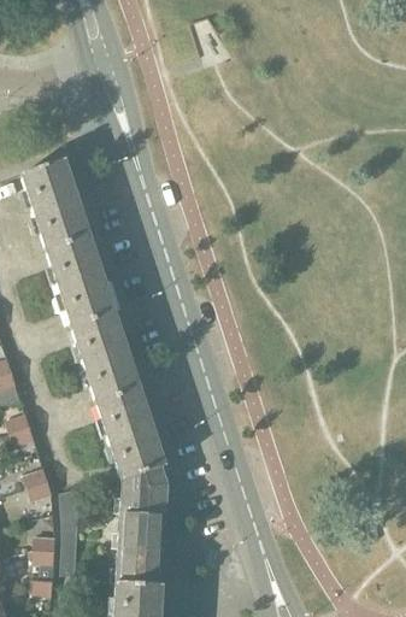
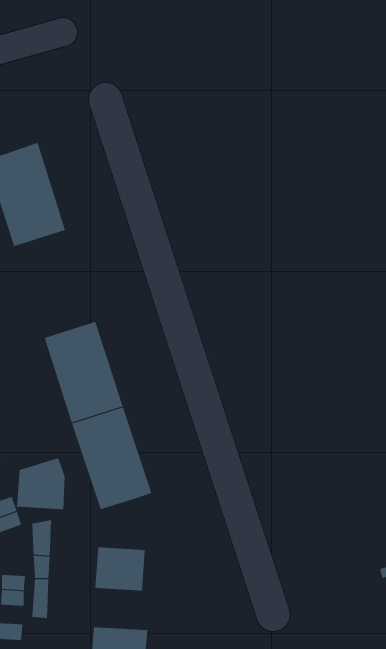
building: [45,237,117,331] -> none
building: [118,471,161,517] -> [16,457,66,510]
building: [114,551,158,587] -> none

